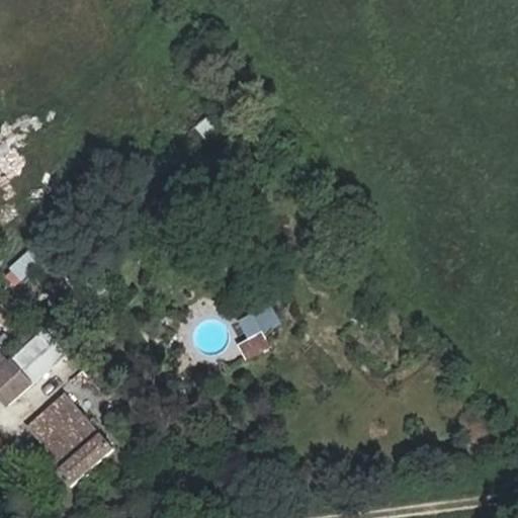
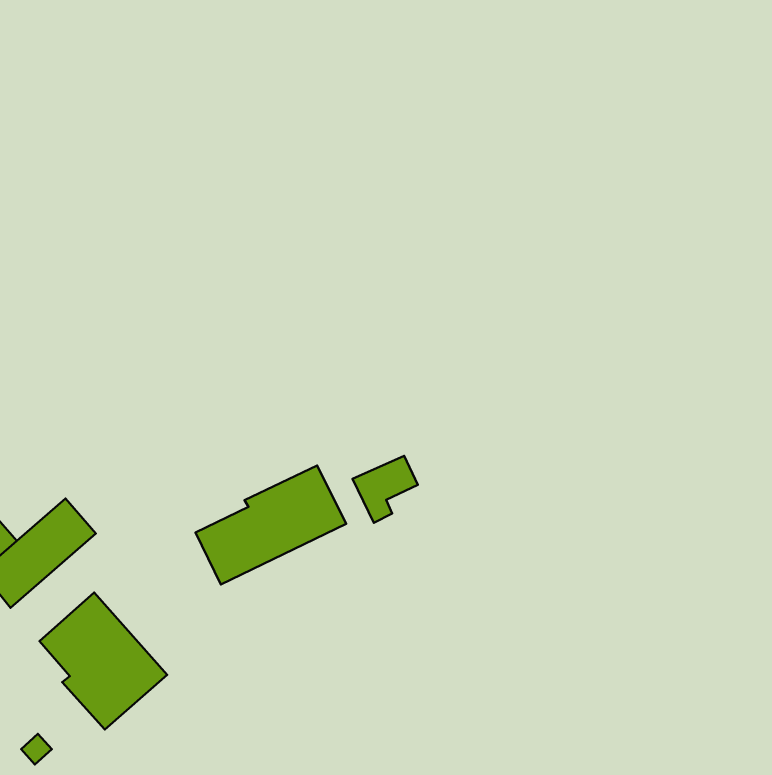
building: none -> [196,465,346,585]

